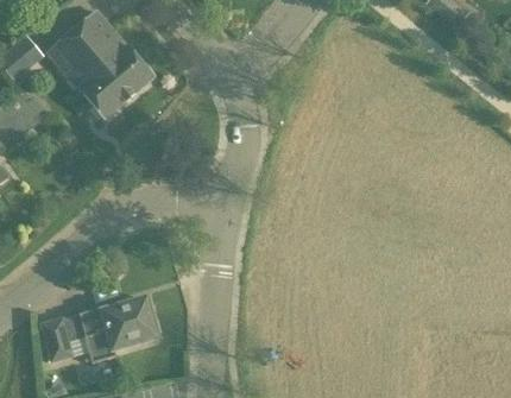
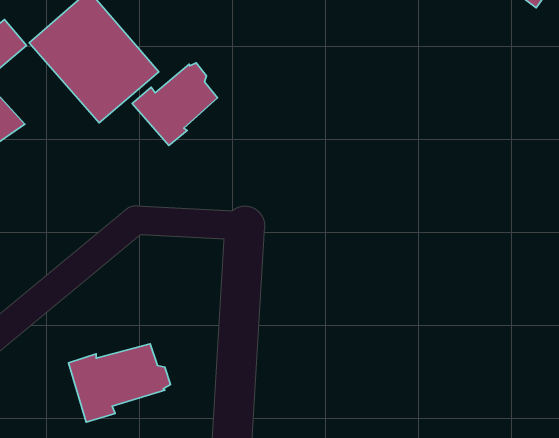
building: none -> [132,63,217,146]
building: [37,320,68,361] -> none

